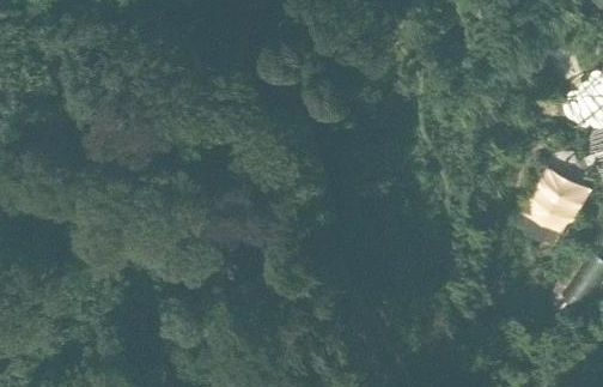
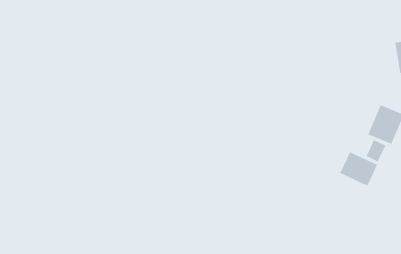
building: none -> [340,151,378,186]

